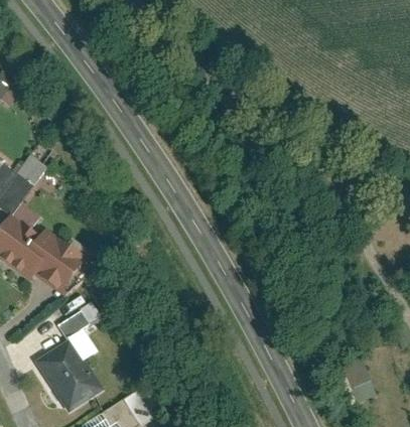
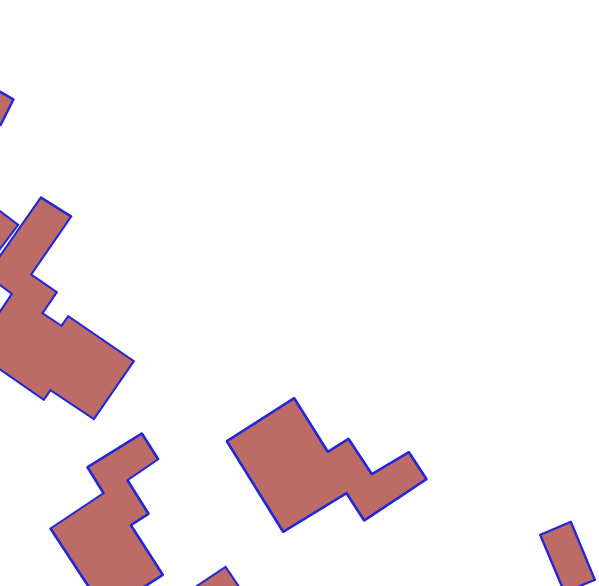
building: none -> [227,398,426,532]

